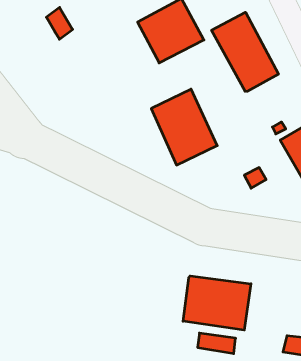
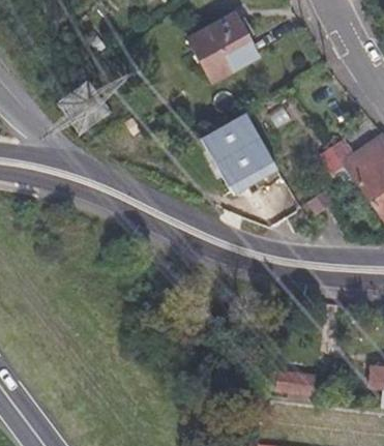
building: [212,12,278,91] -> none
building: [183,276,251,330] -> none

